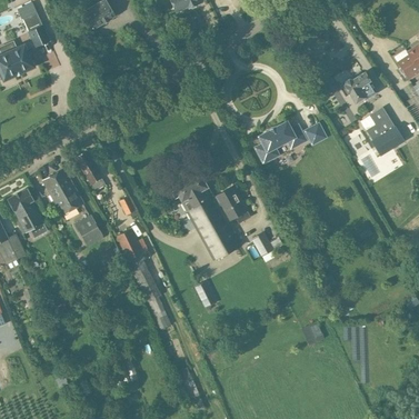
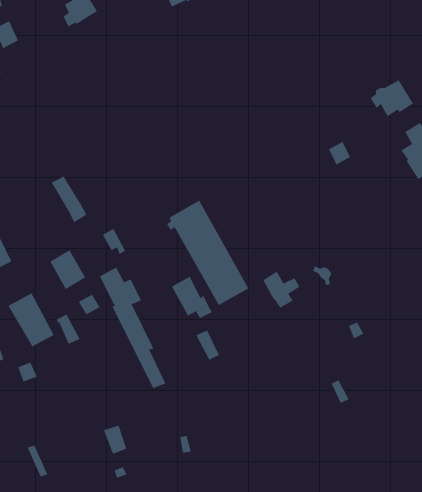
building: [256,122,306,162] -> none
building: [43,169,82,215] -> [8,292,54,347]
building: [216,187,250,222] -> [171,276,213,319]

